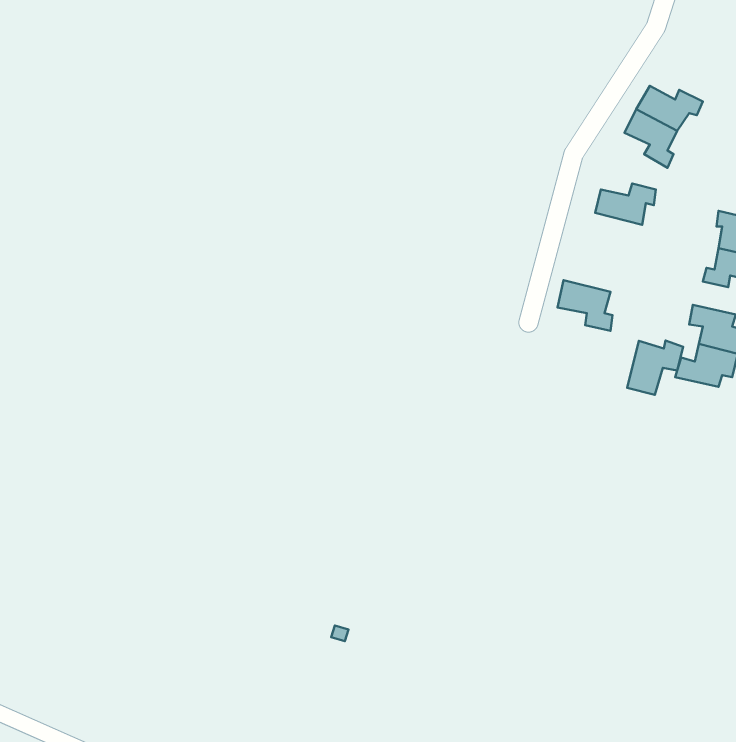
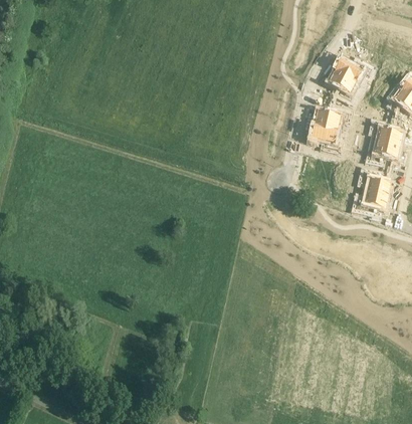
building: [558,280,612,331] -> [310,122,338,148]
building: [627,341,683,395] -> none

